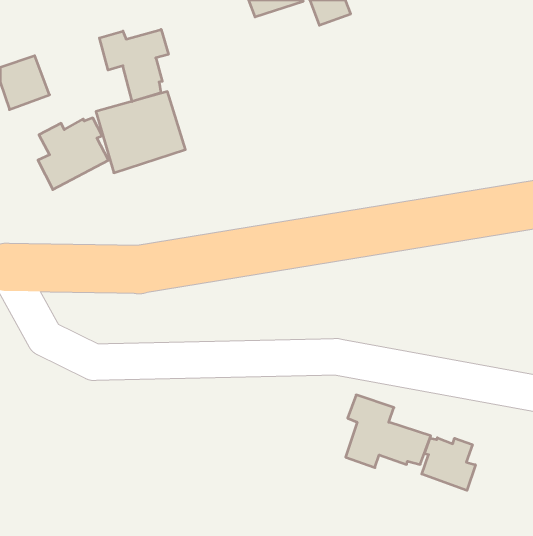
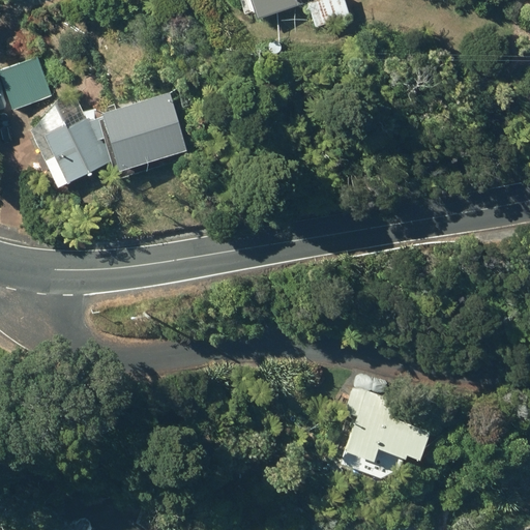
building: [99,29,168,102] -> none
building: [422,438,475,490] -> none

